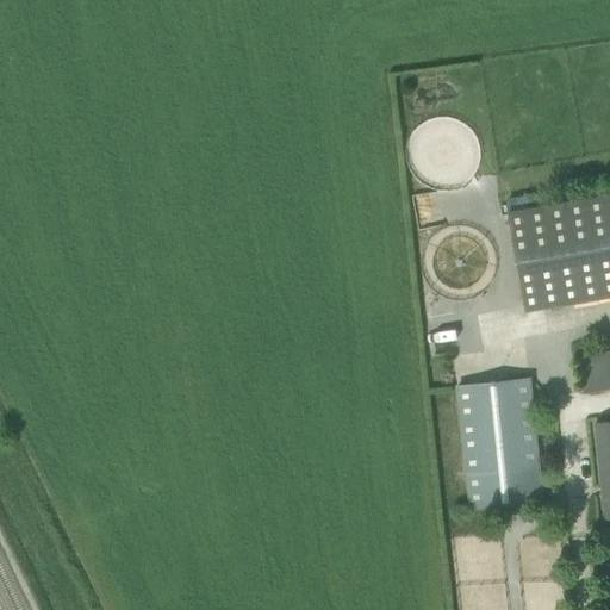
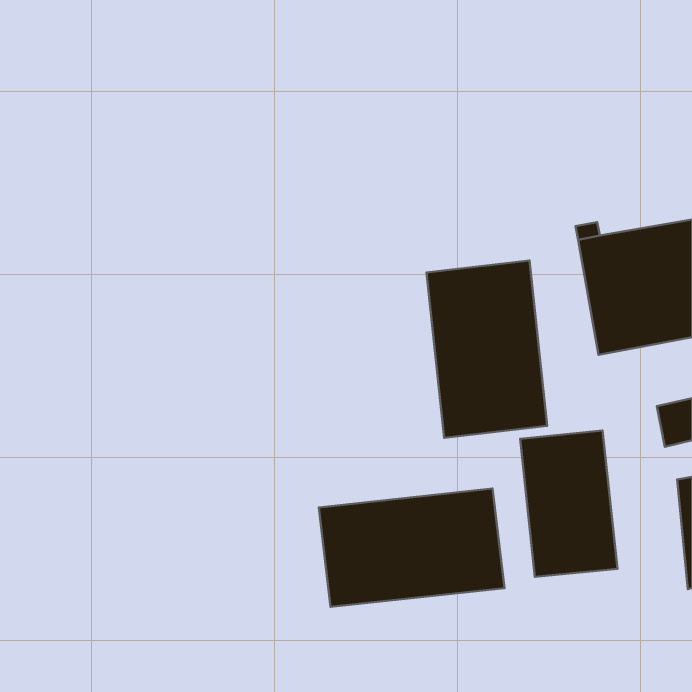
building: none -> [426,260,547,438]
building: none -> [319,489,504,607]

